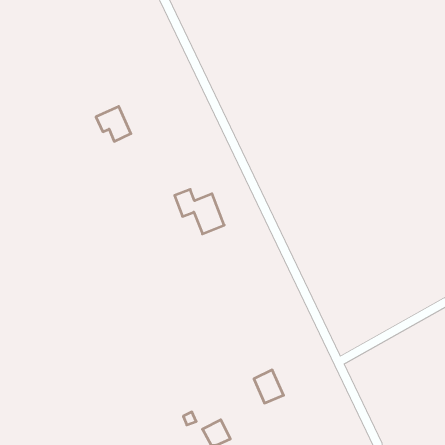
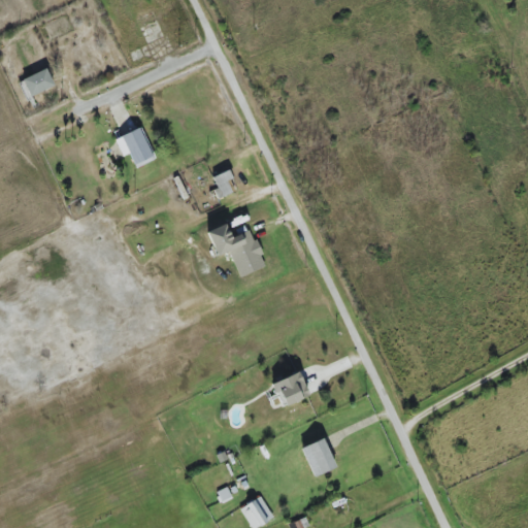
building: none -> [23,68,55,96]
building: none -> [213,170,237,198]
building: none -> [272,371,309,406]

